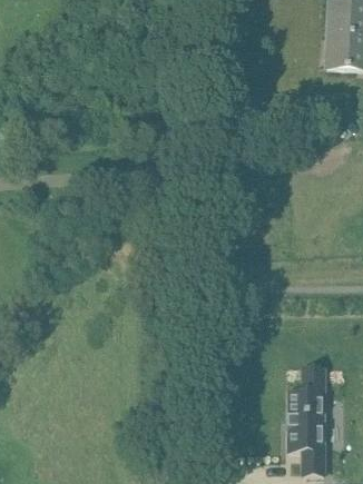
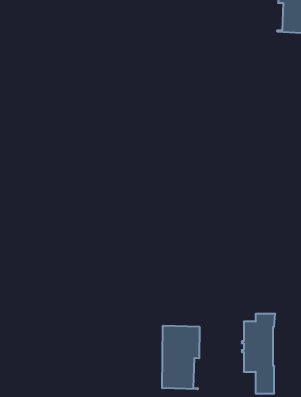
building: none -> [162,326,199,389]

